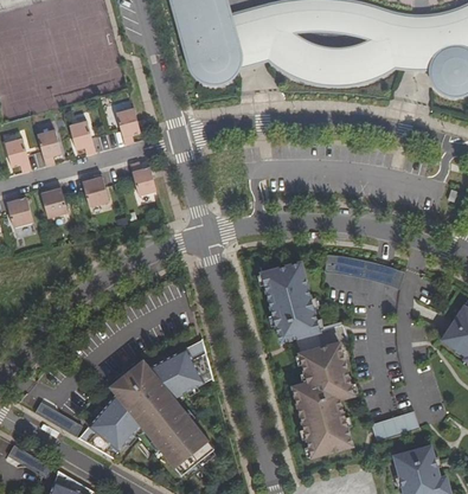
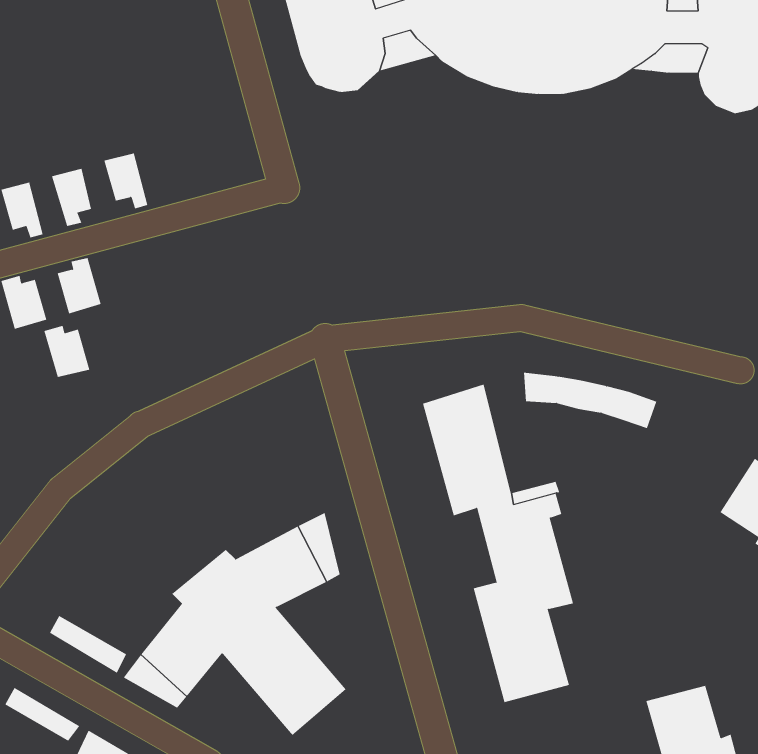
building: [115,108,139,143] -> none
building: [129,162,155,195] -> none
building: [81,174,109,206] -> [44,325,90,378]
building: [372,411,418,440] -> none

